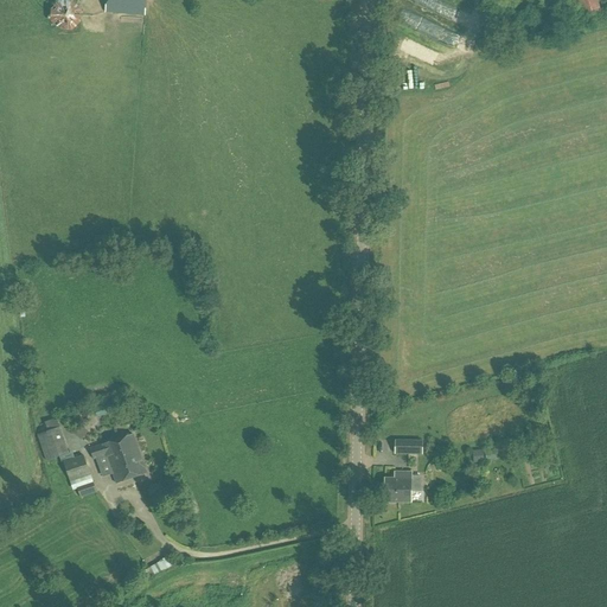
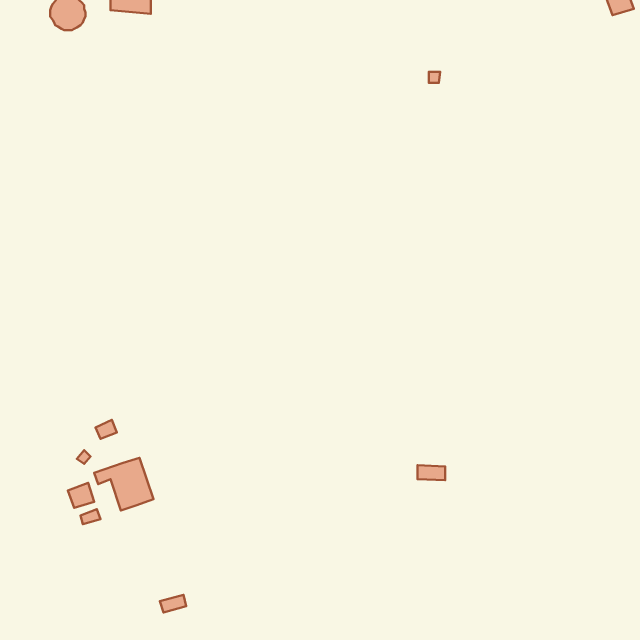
building: [40,430,69,458] -> none
building: [382,471,420,500] -> none

